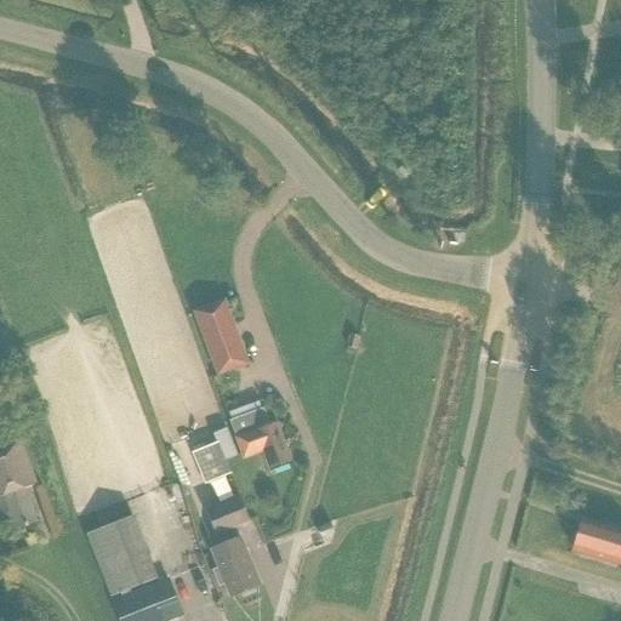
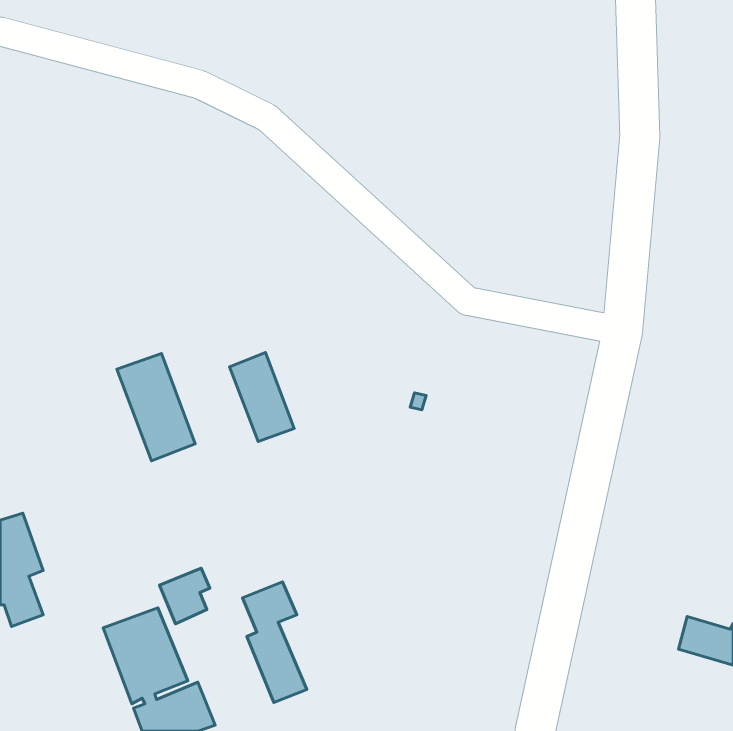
building: none -> [117,353,195,461]
building: [230,408,291,468] -> none
building: [192,437,234,484] -> [160,568,210,624]

